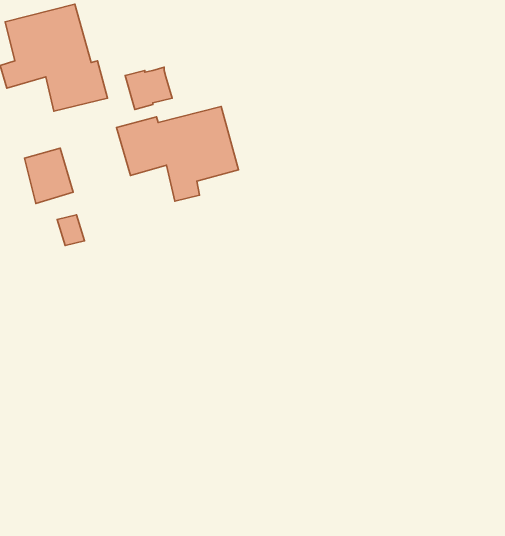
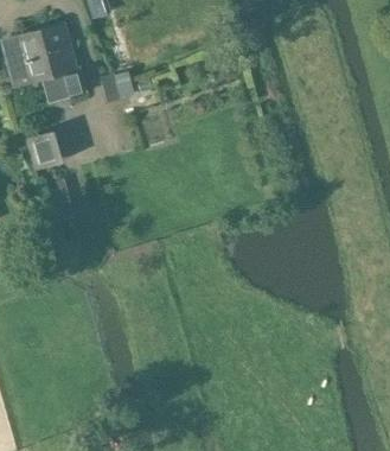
building: [117,107,238,201] -> none

